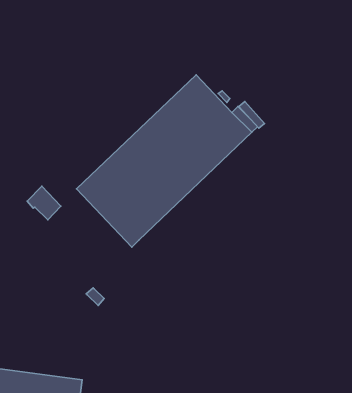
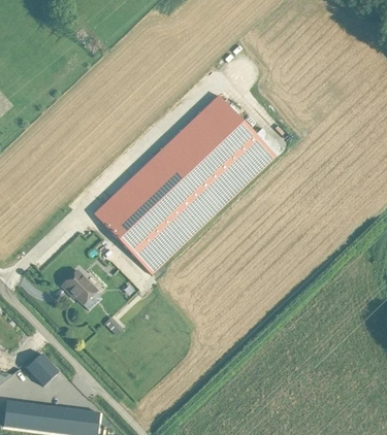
building: [27,186,61,220] -> [62,269,97,304]
building: none -> [26,353,59,386]

